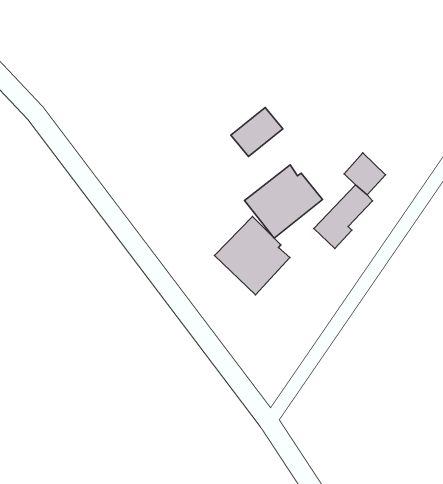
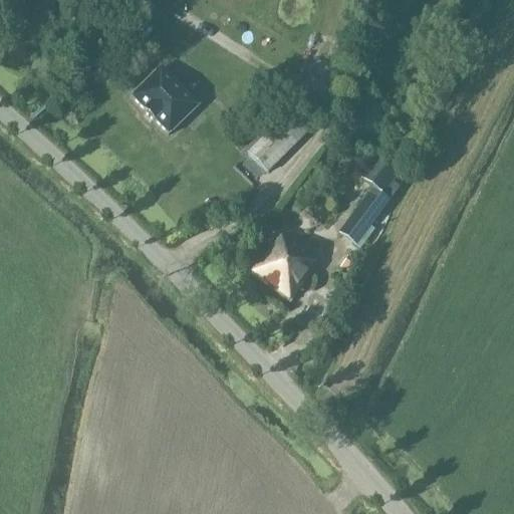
building: none -> [132,64,199,132]
building: [245,165,323,238] -> none

